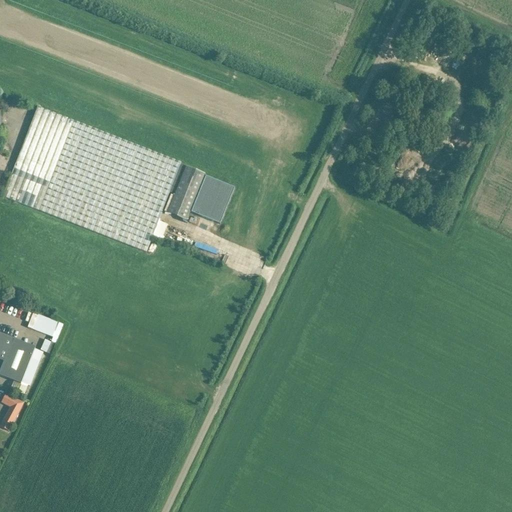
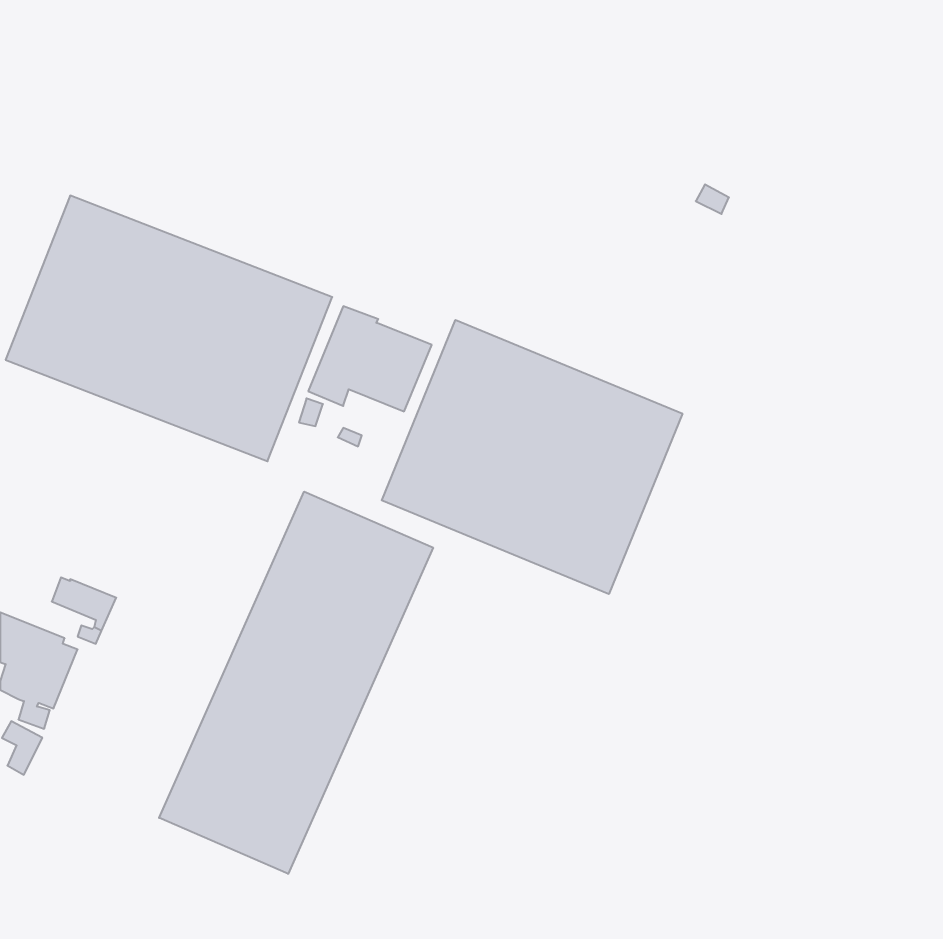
building: none -> [382,320,682,594]
building: none -> [159,492,433,874]

